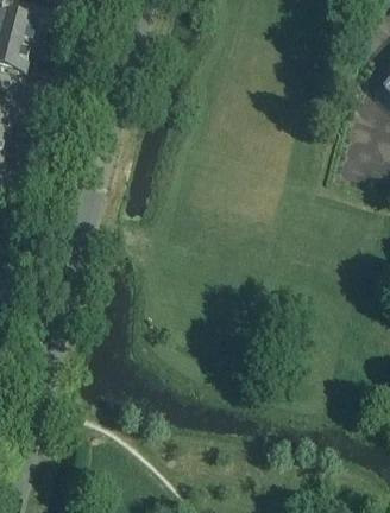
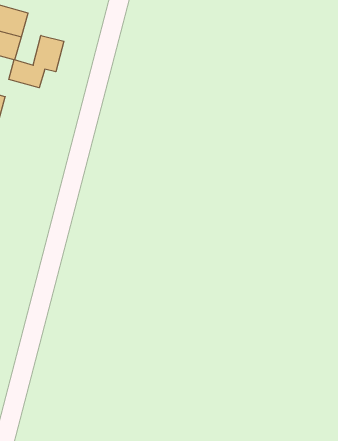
building: none -> [9,35,64,88]

